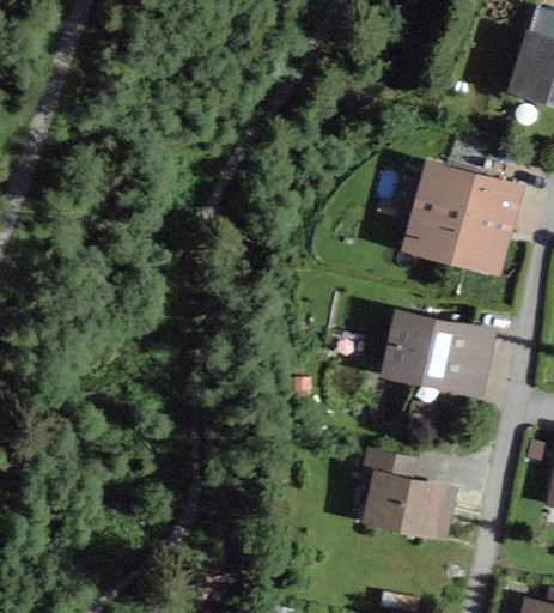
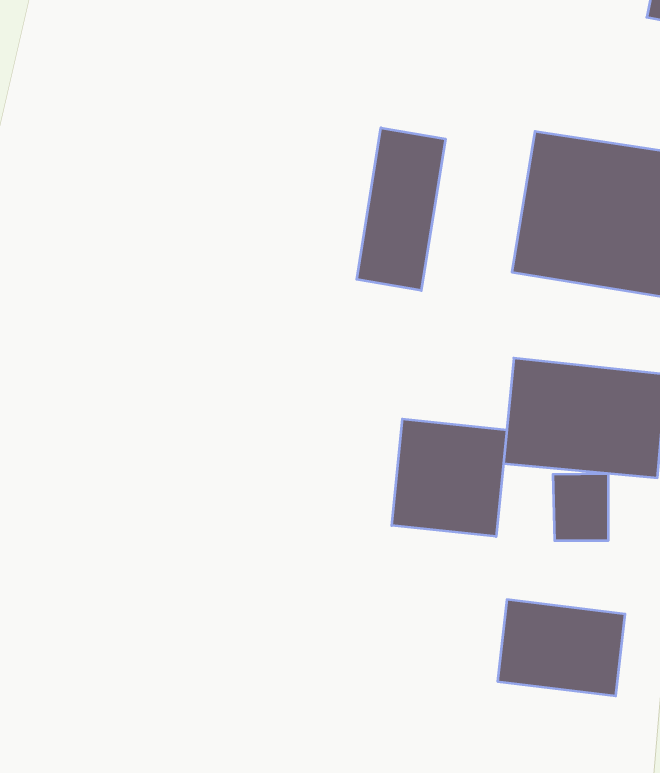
building: none -> [357,128,445,291]
building: none -> [392,419,507,537]

